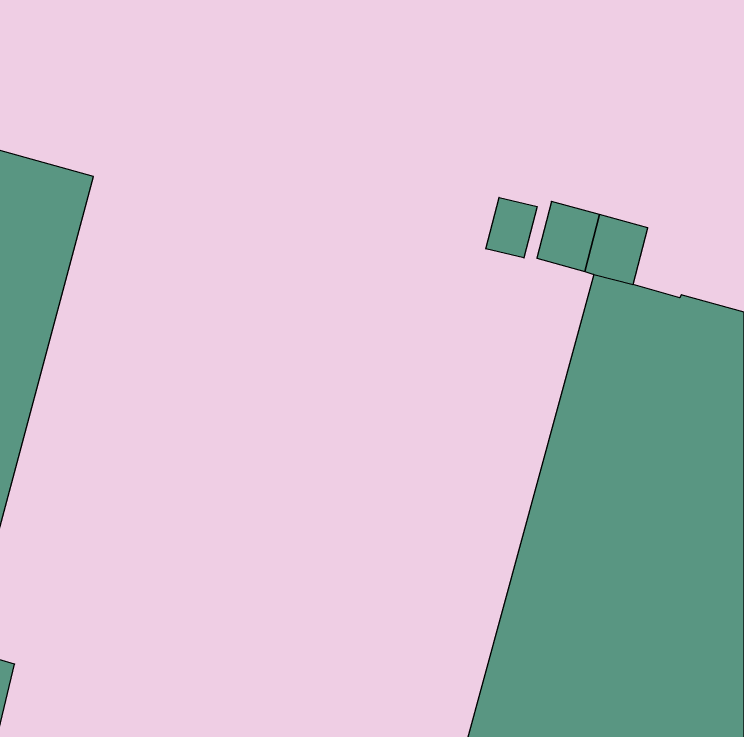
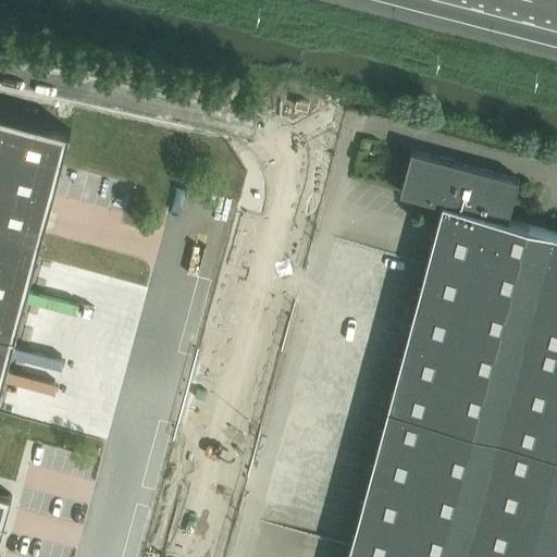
building: [486,197,537,258] -> none
building: none -> [472,176,519,228]

